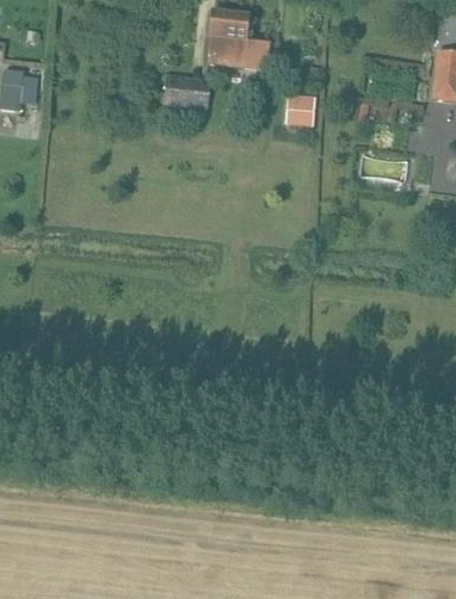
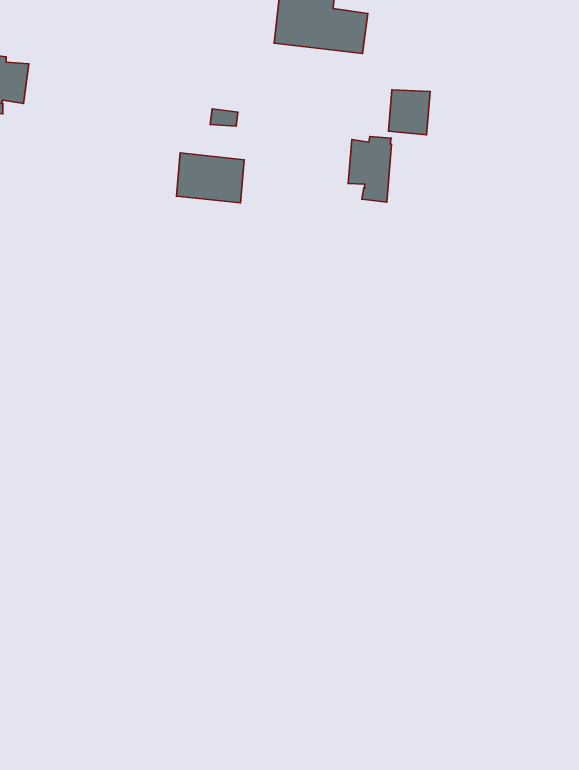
building: [164,73,210,107] -> [177,153,244,203]
building: none -> [348,136,391,202]

